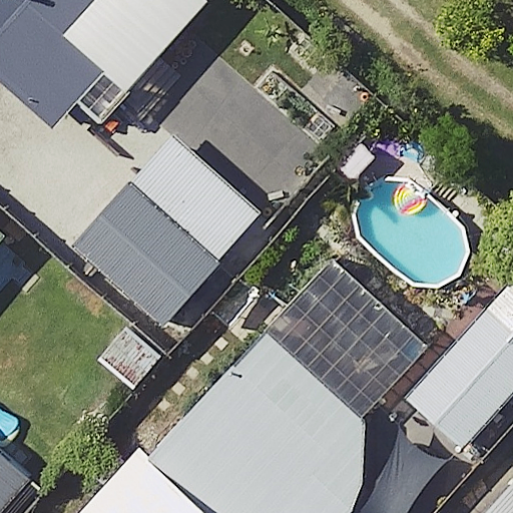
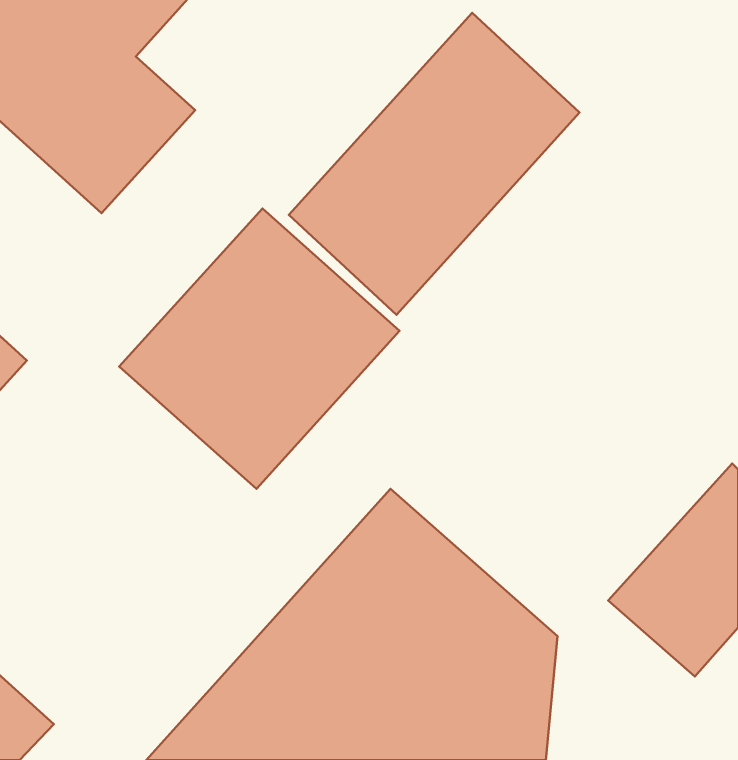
building: none -> [289,13,580,315]

